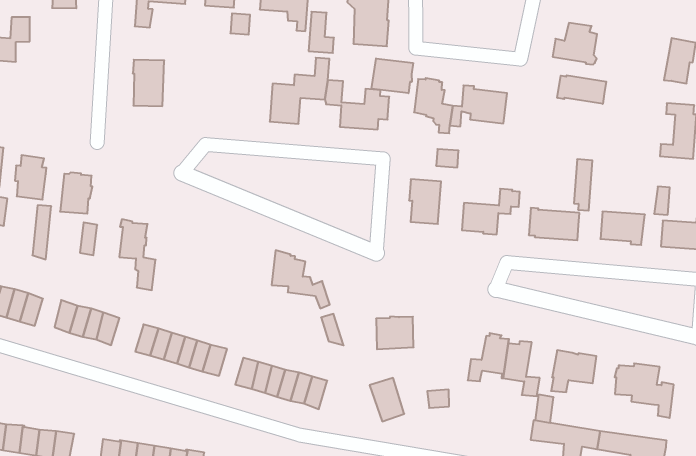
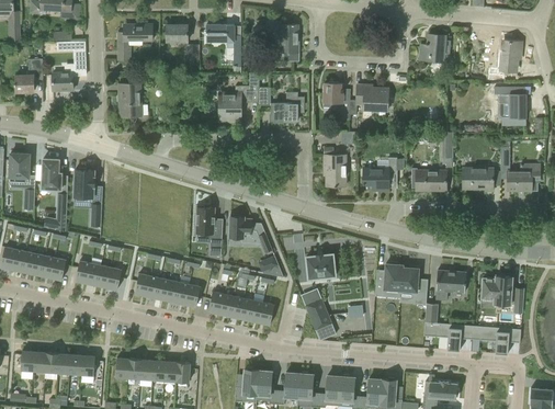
building: none -> [52,66,86,90]
building: [371,58,413,93] -> none
building: [557,75,606,104] -> none
building: [119,219,156,290] -> [196,205,224,254]

